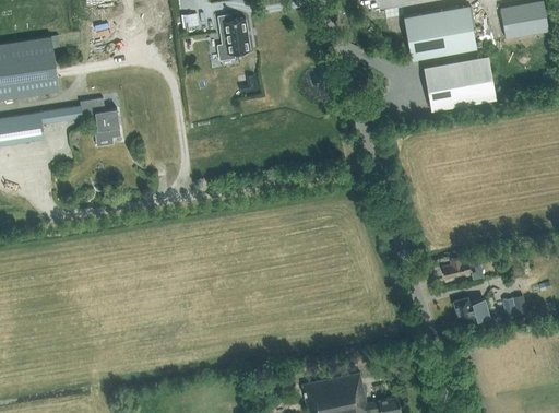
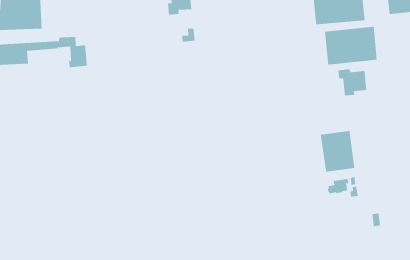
building: none -> [338,69,367,96]
building: none -> [320,130,355,172]
building: [453,297,503,327] -> none

